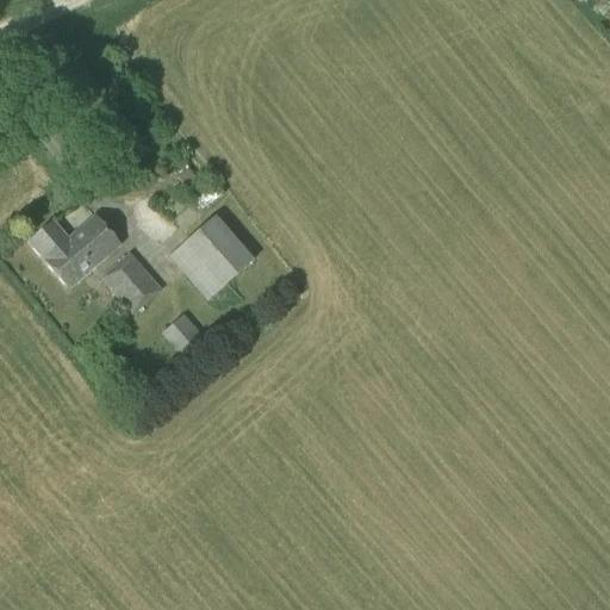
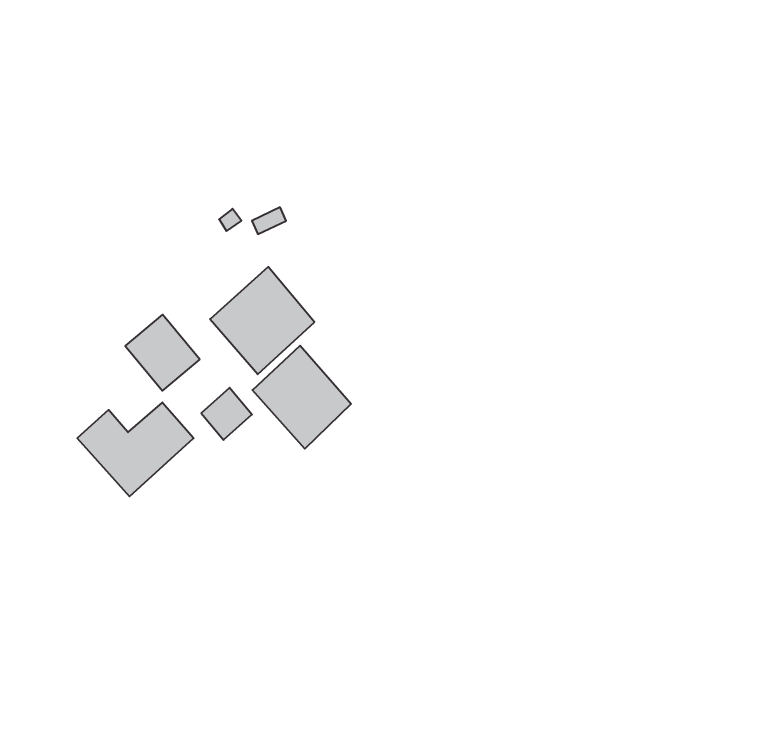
building: [27,213,120,288] -> [77,402,194,496]
building: none -> [252,346,351,449]

